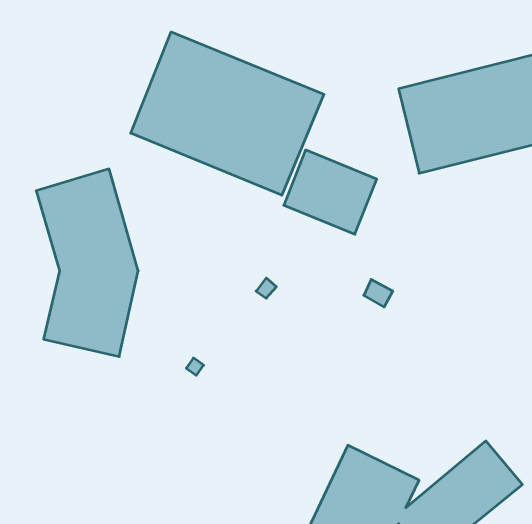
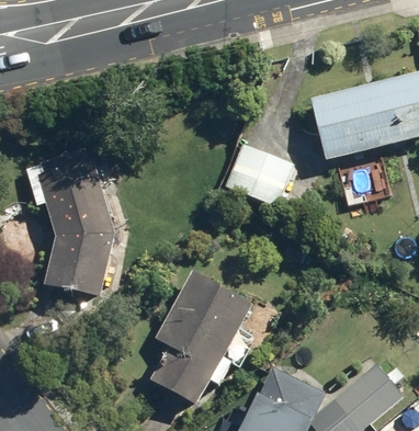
building: [131,32,324,195] -> none
building: none -> [148,270,252,405]

